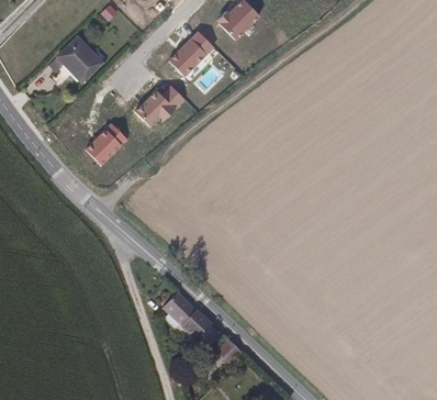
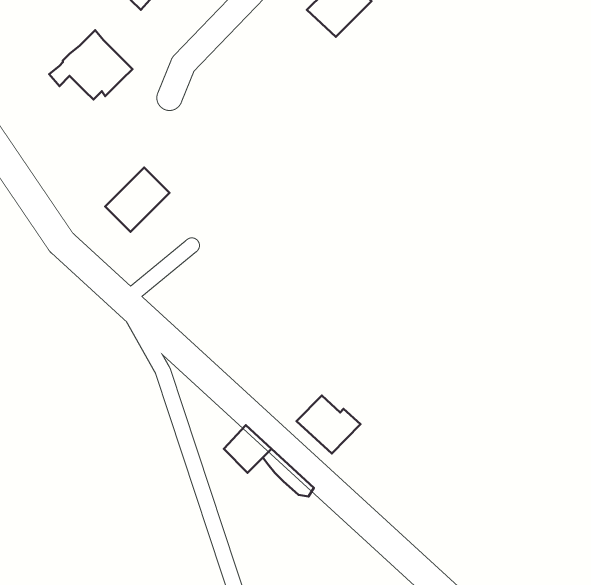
building: [169,31,214,76] -> none
building: [134,85,186,127] -> none
building: none -> [297,395,360,454]

